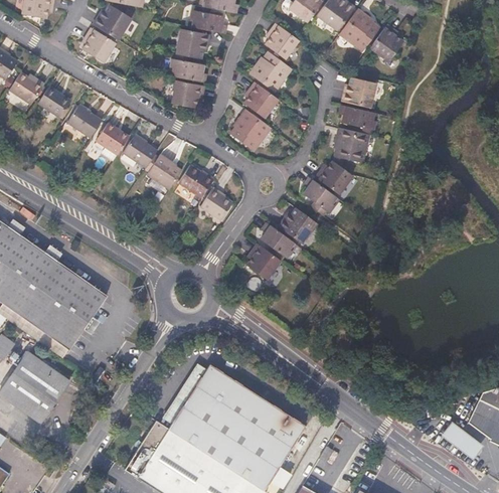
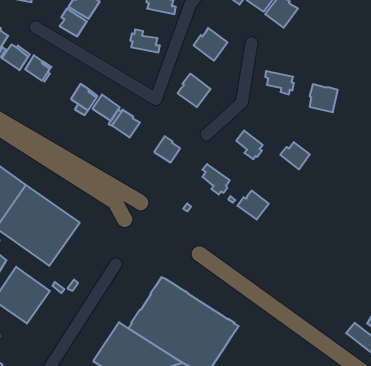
building: [265,23,299,59] -> none
building: [369,24,403,62] -> none
building: [176,28,210,58] -> none
building: [341,77,376,108] -> none
building: [171,80,204,108] -> none
building: [243,83,278,119] -> none
building: [67,105,102,138] -> none
building: [334,128,369,163] -> [310,84,338,112]
building: [315,161,352,195] -> [280,142,310,169]
building: [178,165,214,198] -> none
building: [278,207,317,243] -> [237,191,269,220]
building: [246,242,281,280] -> none

